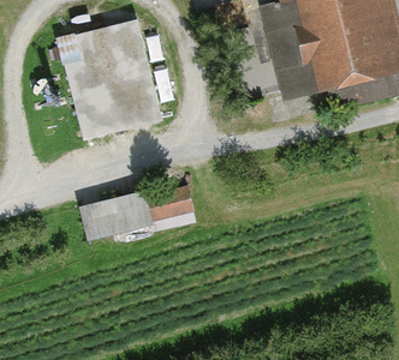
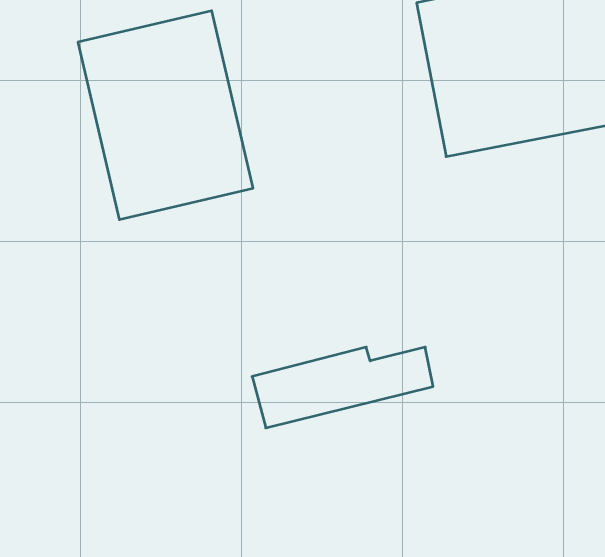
building: [77,191,187,240] -> [252,347,433,428]

